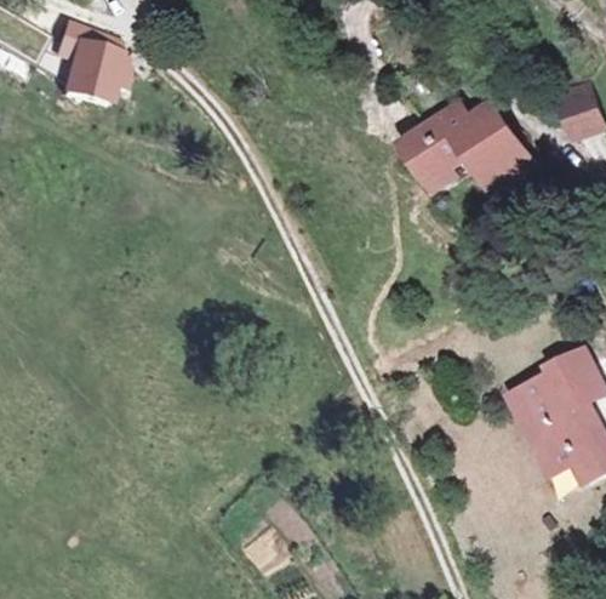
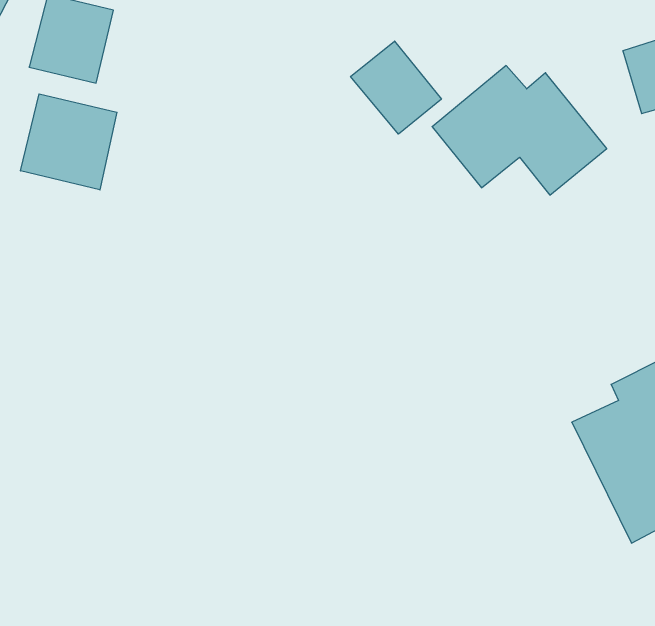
building: none -> [351,41,441,134]
building: none -> [21,94,117,190]

